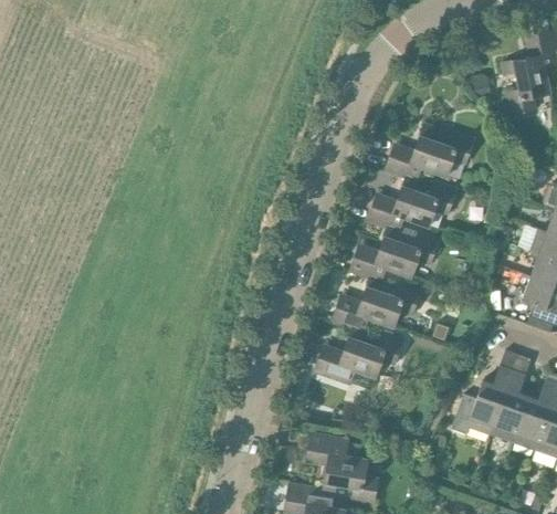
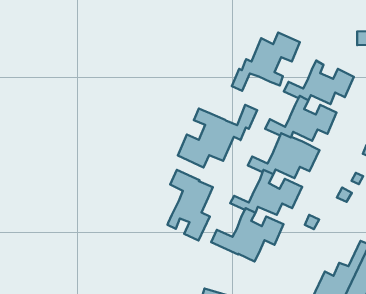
building: none -> [232,32,300,91]
building: none -> [178,105,257,168]
building: none -> [168,170,213,240]

